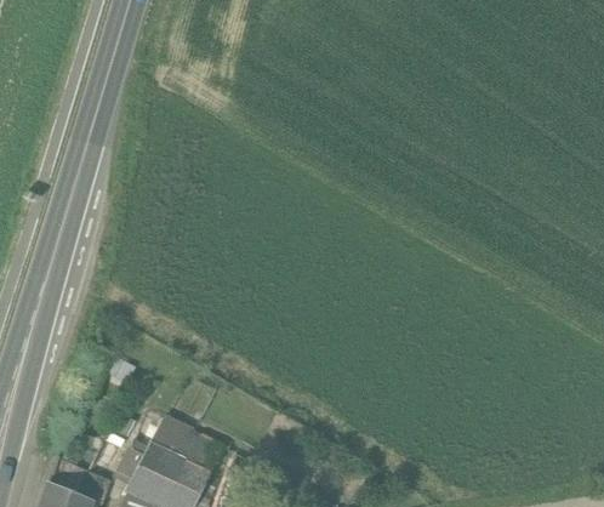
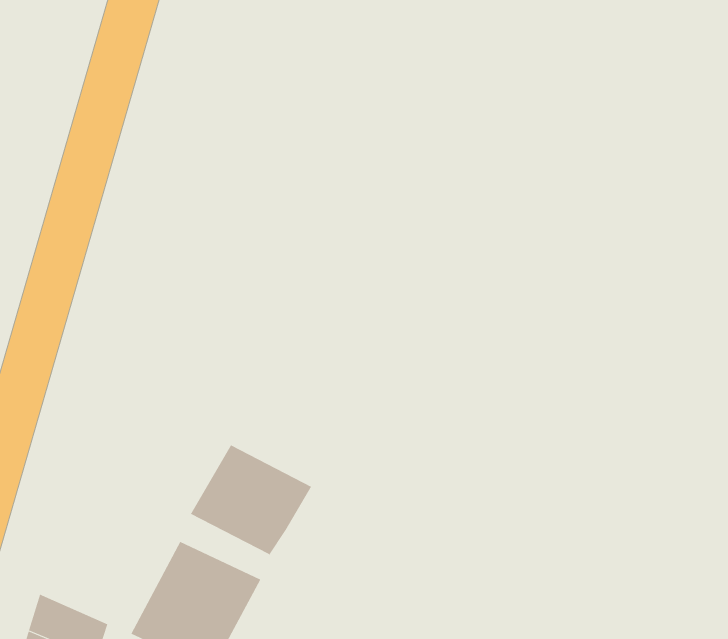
building: none -> [190,445,312,556]

